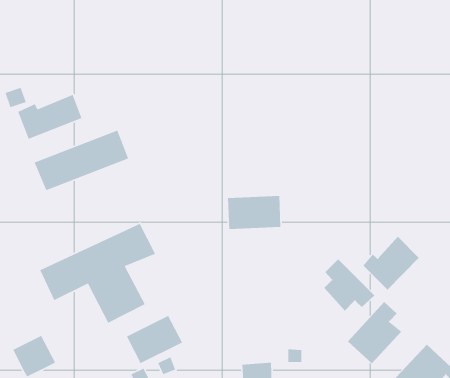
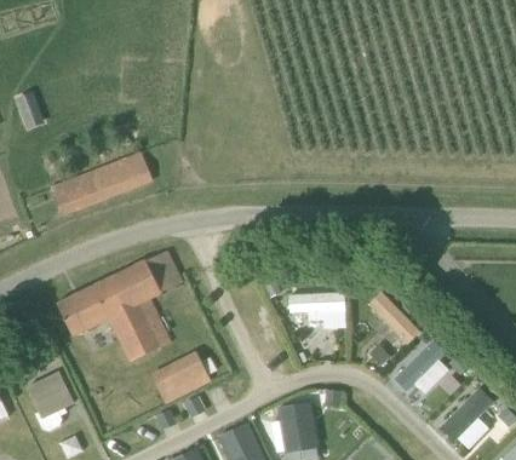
building: [17,94,83,140] -> none
building: [227,195,281,230] -> [287,291,345,328]
building: [362,236,420,290] -> none

